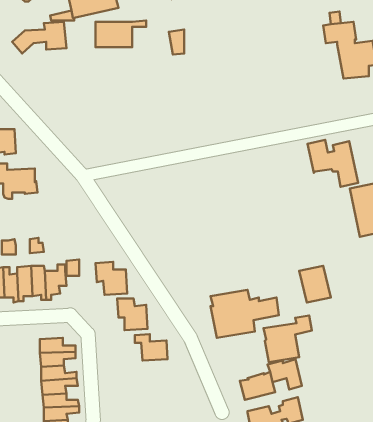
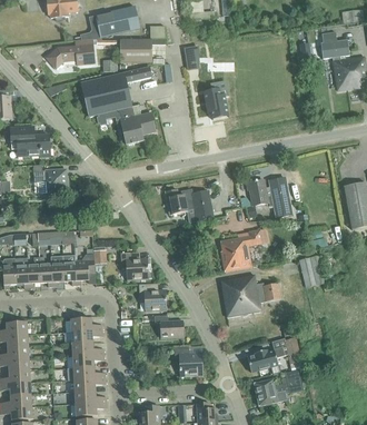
building: none -> [80,67,155,145]
building: none -> [201,88,228,119]
building: [308,140,358,187] -> [246,177,290,218]
building: none -> [163,189,212,221]
building: [264,315,312,362] -> [219,230,261,271]
building: none -> [173,346,201,376]

